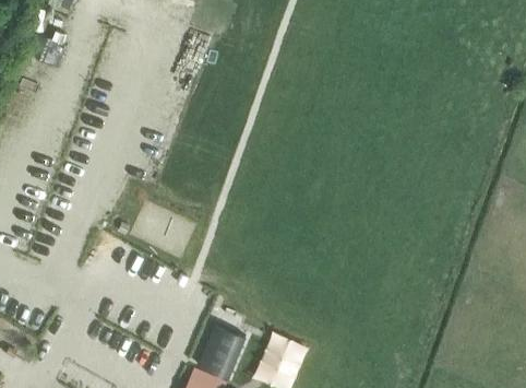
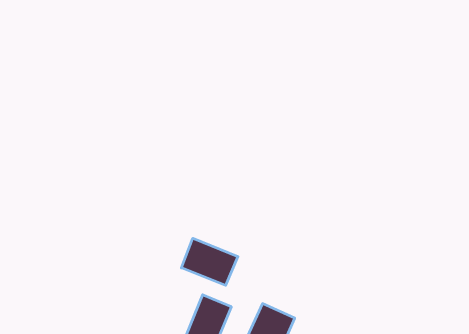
building: none -> [181,238,238,285]

